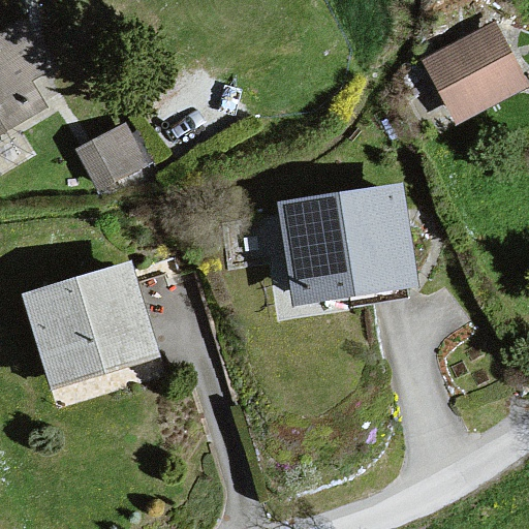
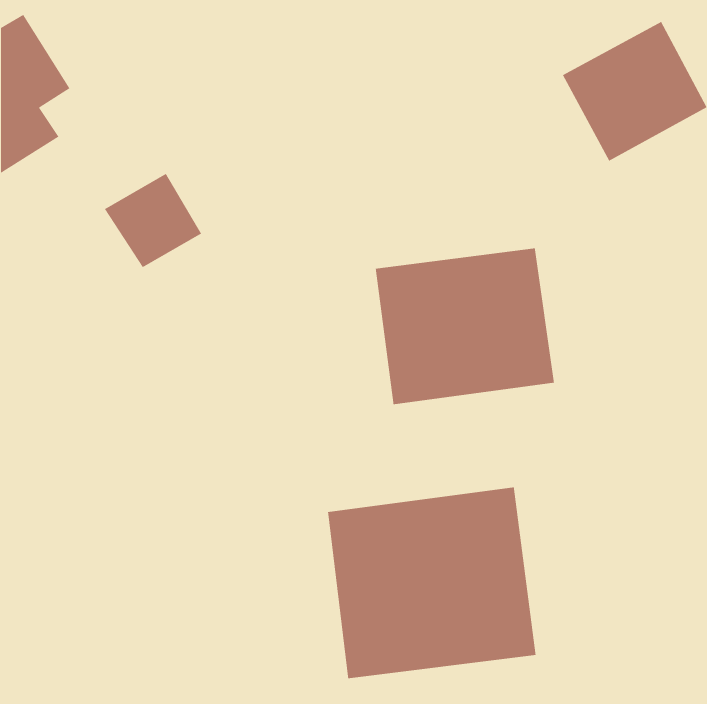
building: [23,262,160,395] -> none
building: none -> [327,486,537,679]

